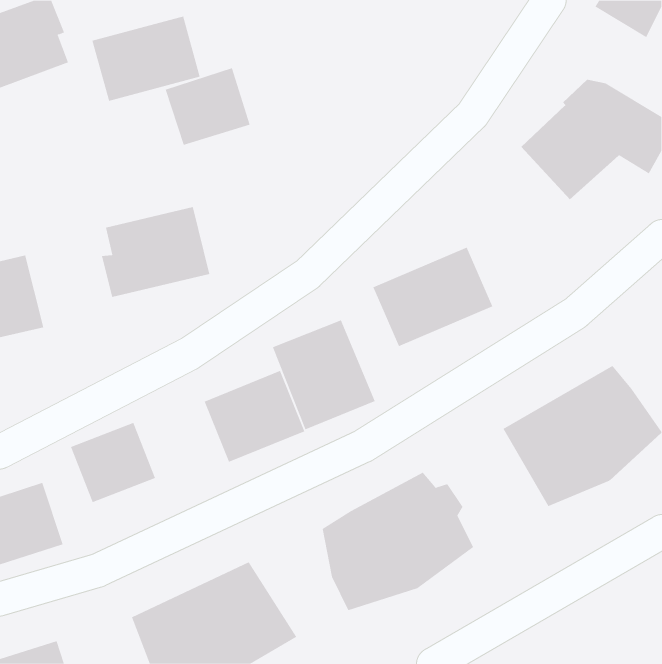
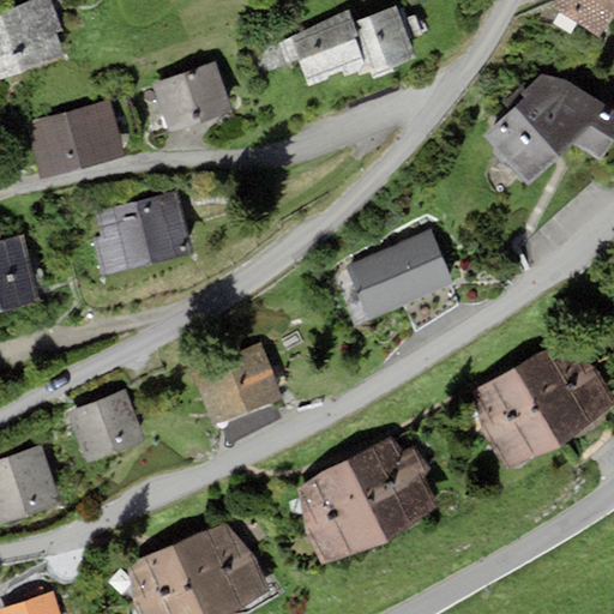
building: none -> [284,6,416,90]
building: [92,16,201,102] -> [25,101,126,180]
building: [272,319,375,430] -> none

